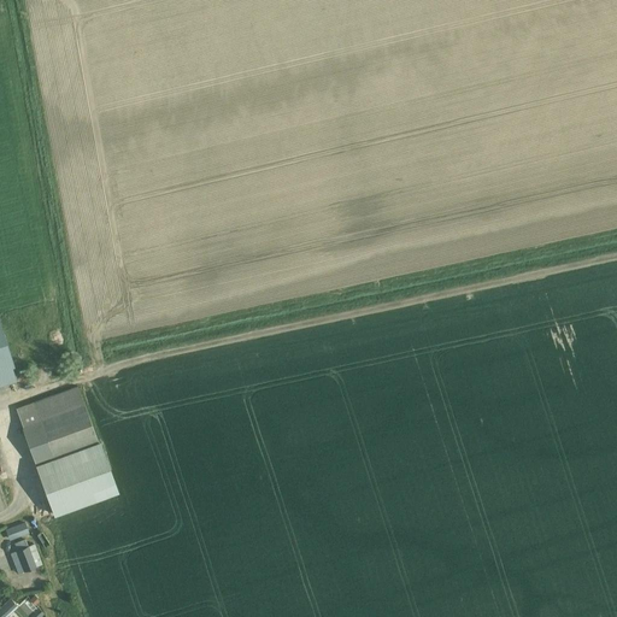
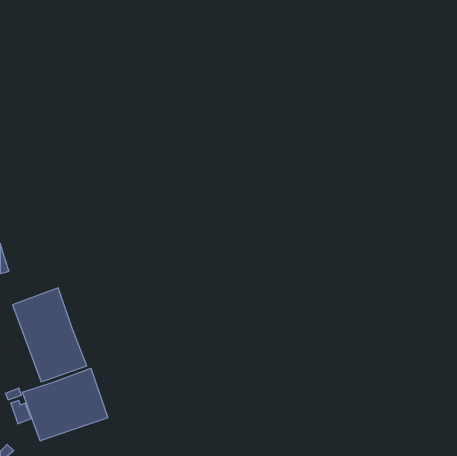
building: none -> [23,368,108,441]

